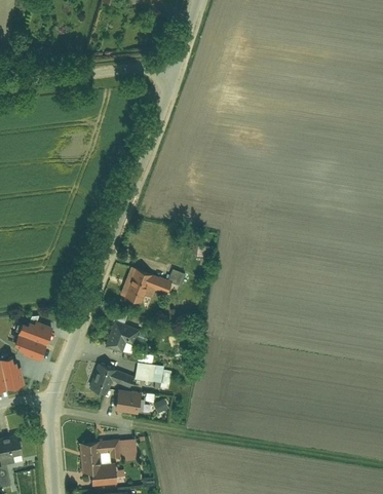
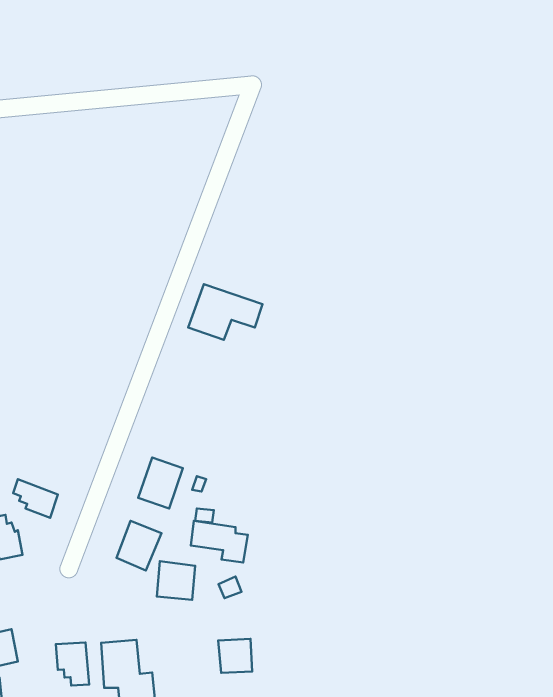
building: [121,267,170,304] -> [188,284,262,340]
building: [21,324,53,345] -> none
building: [116,439,139,461] -> [218,639,252,673]
building: none -> [56,643,89,685]

